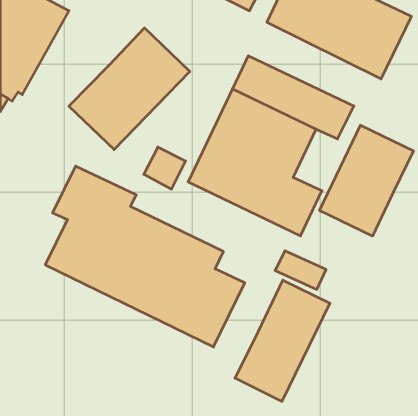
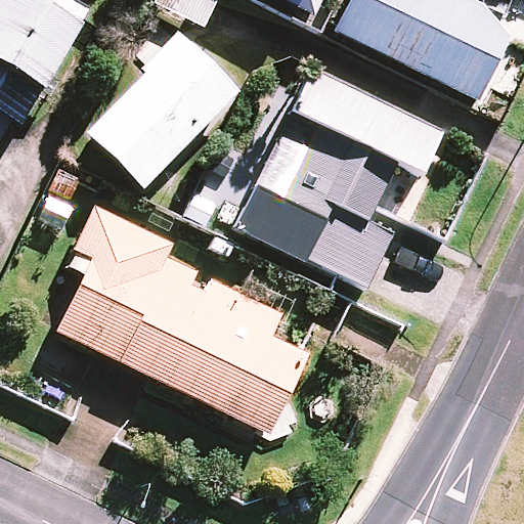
building: [320,125,413,236] -> none
building: [235,280,330,401] -> none

